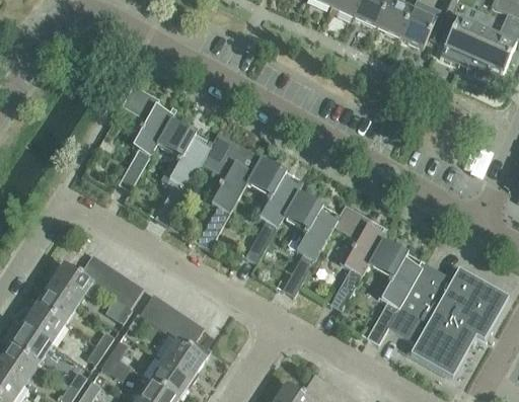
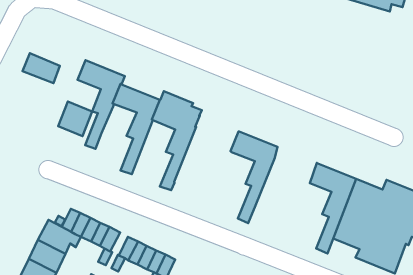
building: none -> [22,53,60,83]
building: none -> [58,101,92,136]
building: [246,157,302,262] -> none
building: [330,205,388,309] -> none

